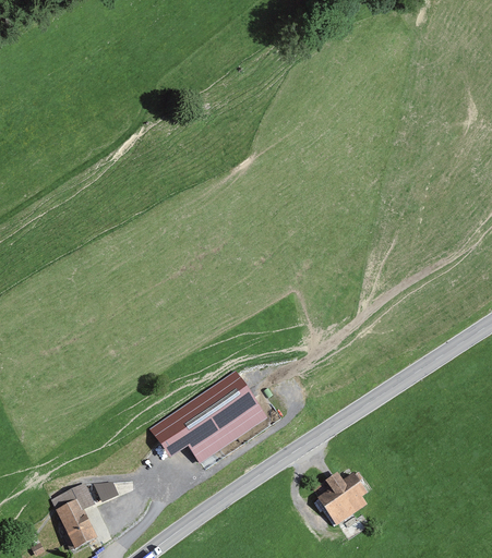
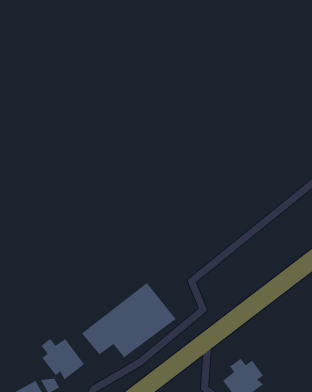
building: none -> [41,338,85,380]

